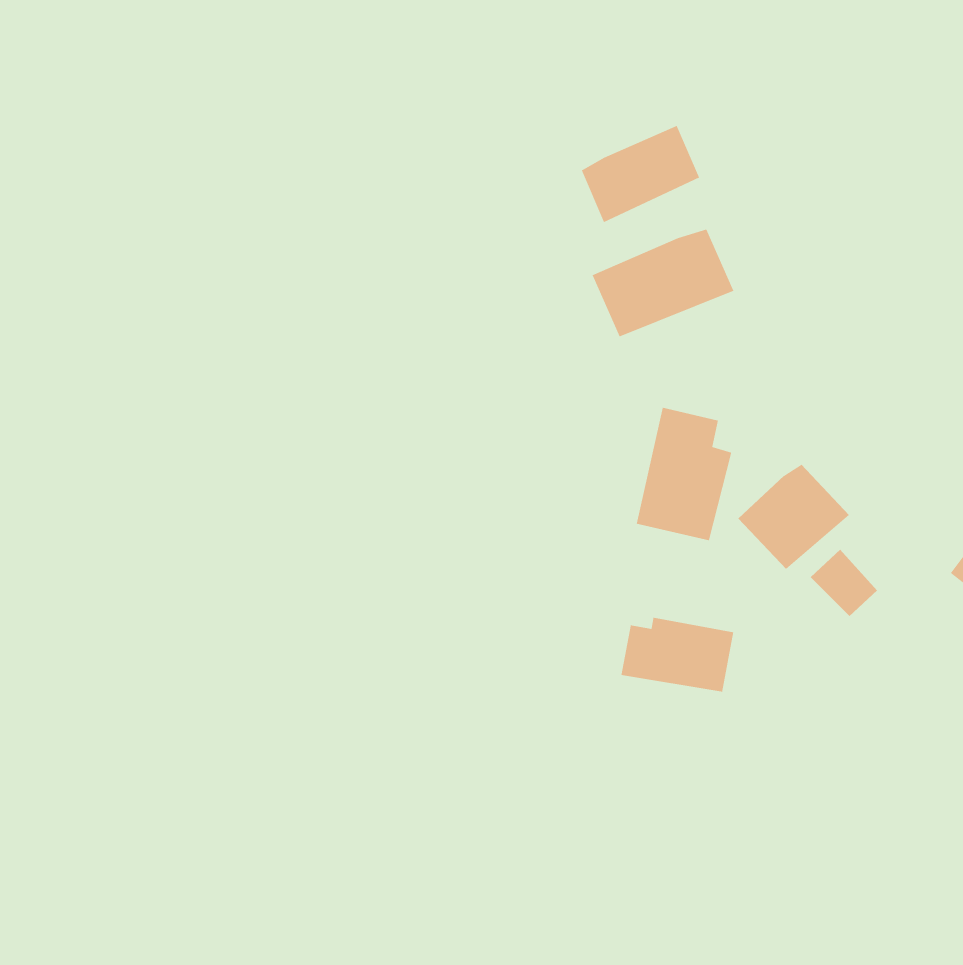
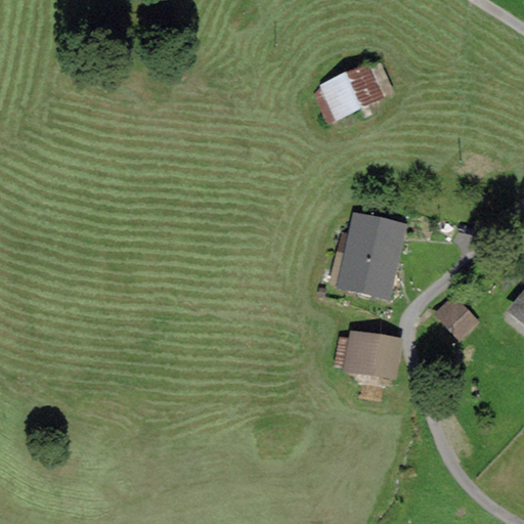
building: [592,229,734,337] -> none
building: [738,464,850,570] -> none

